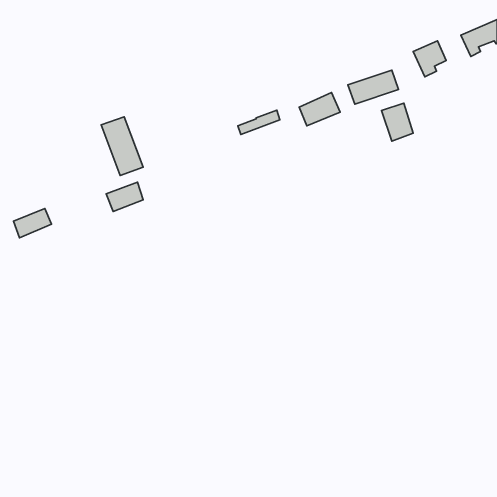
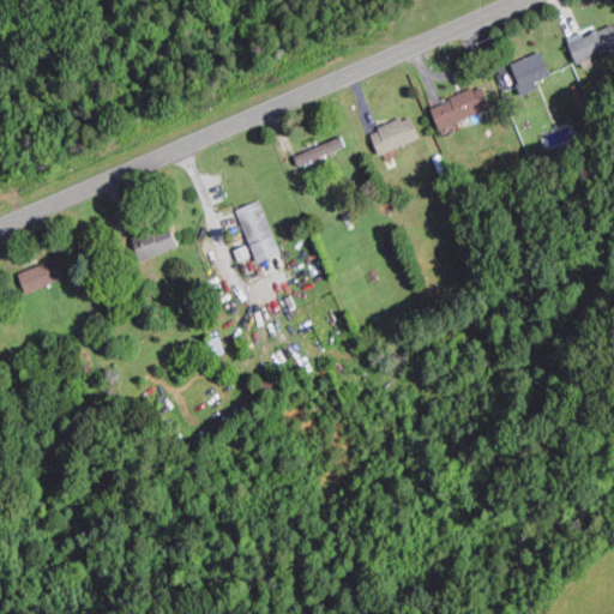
building: [381,103,413,141] -> none
building: [101,117,143,175] -> none
building: none -> [234,199,279,261]

